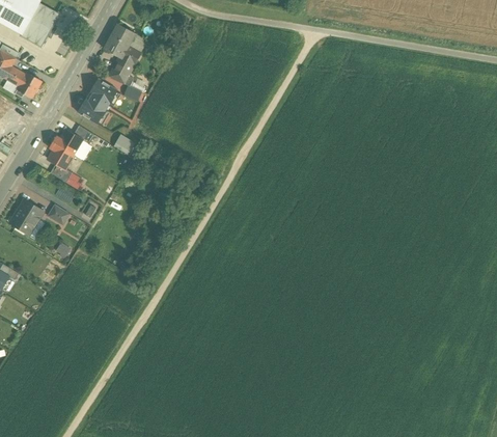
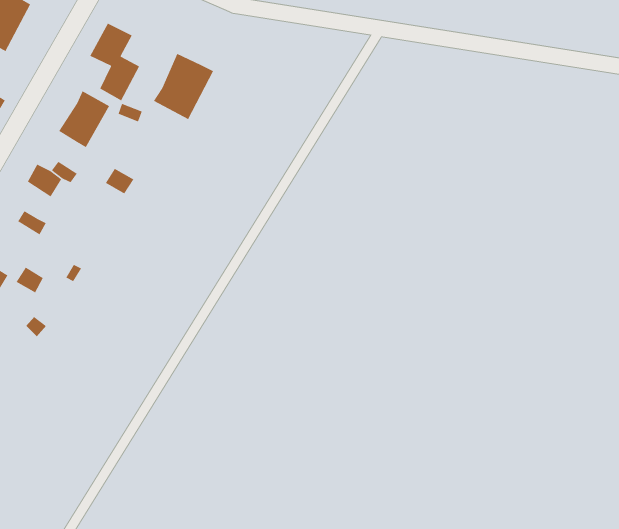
building: none -> [153,53,214,120]
building: [47,142,74,169] -> none

